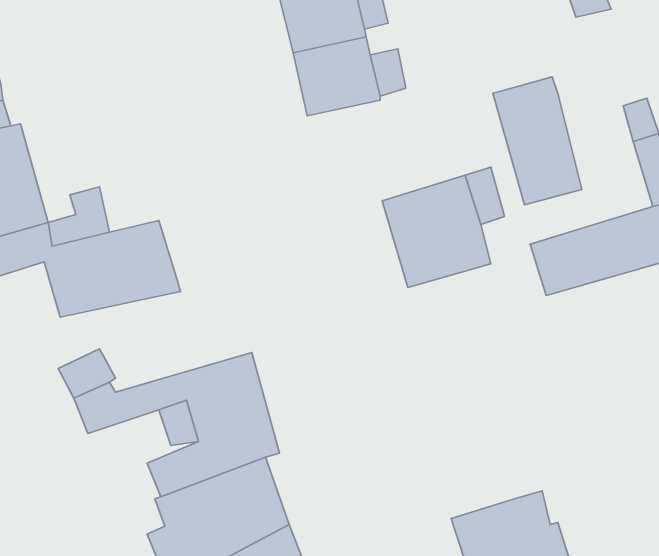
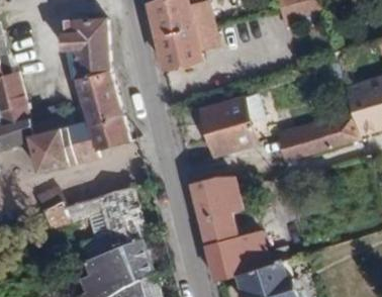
building: none -> [60,16,128,150]
building: [493,77,582,205] -> none
building: none -> [189,175,268,280]

